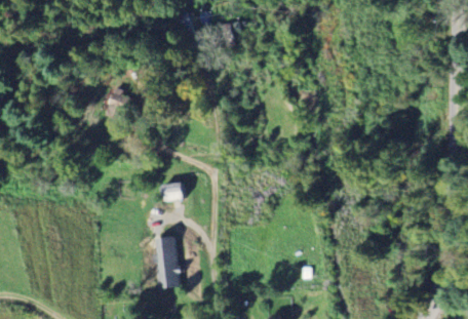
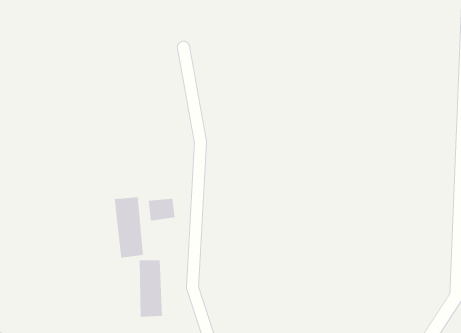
building: none -> [114,197,144,258]

